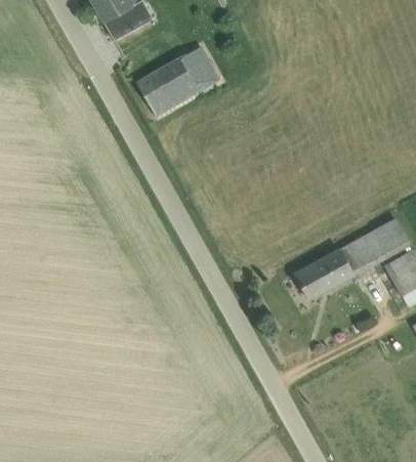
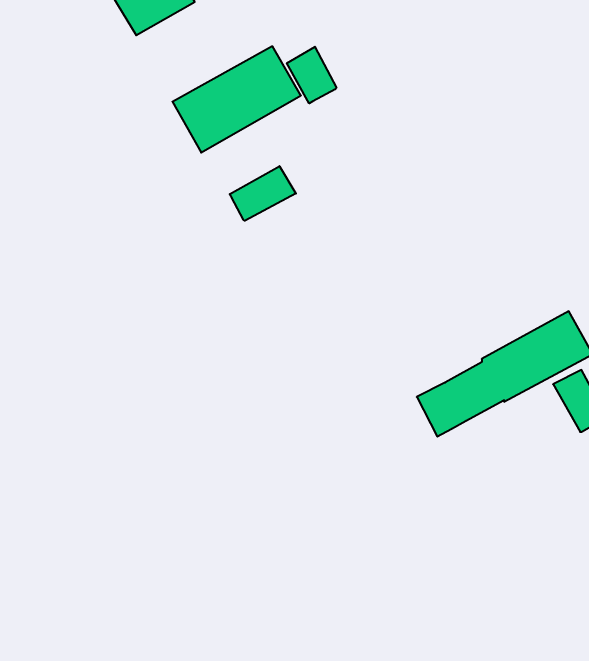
building: none -> [287,47,336,103]
building: none -> [230,166,296,221]

